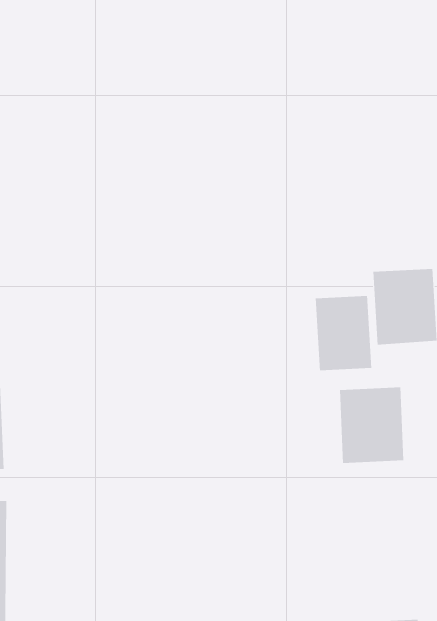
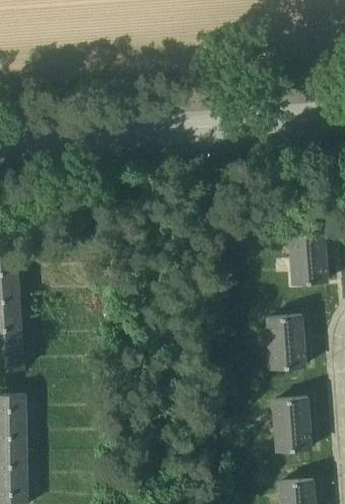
building: [315,295,372,371] -> none
building: none -> [268,399,314,453]

